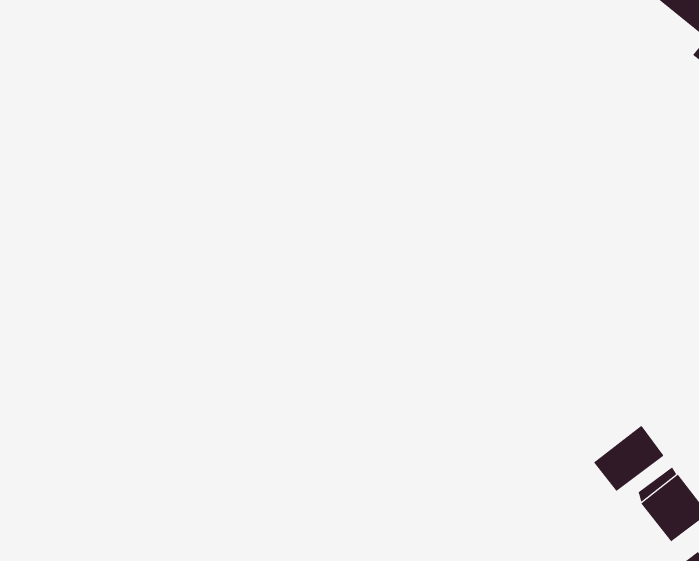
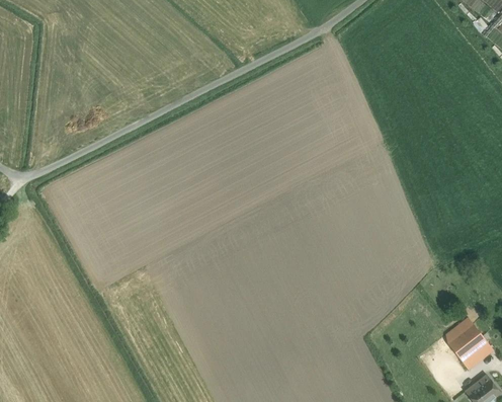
building: [593,426,664,492] -> none

